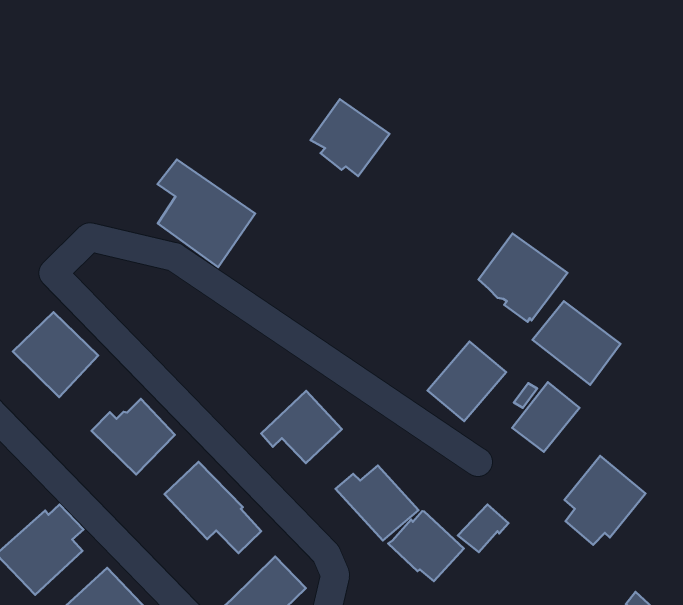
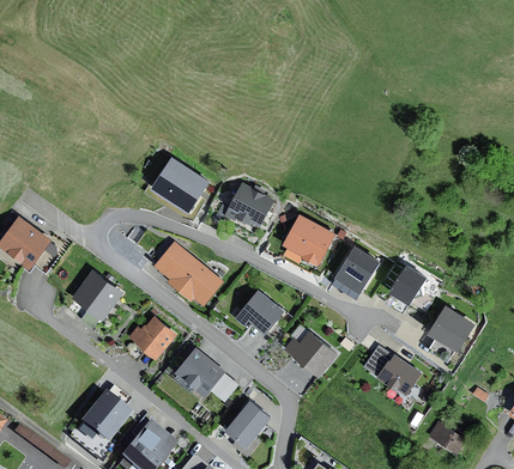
building: [311,99,390,176] -> [226,183,274,229]
building: [479,234,567,322] -> [282,215,335,268]
building: none -> [152,242,224,309]
building: [532,301,620,385] -> none
building: [388,511,464,581] -> [375,355,422,397]

